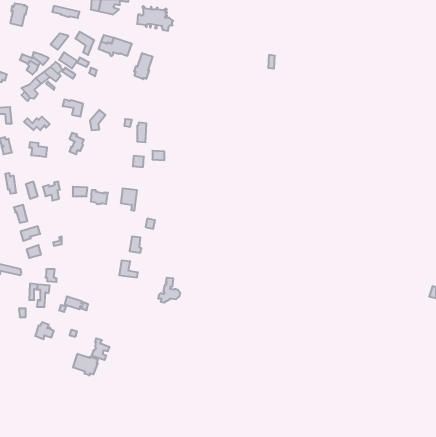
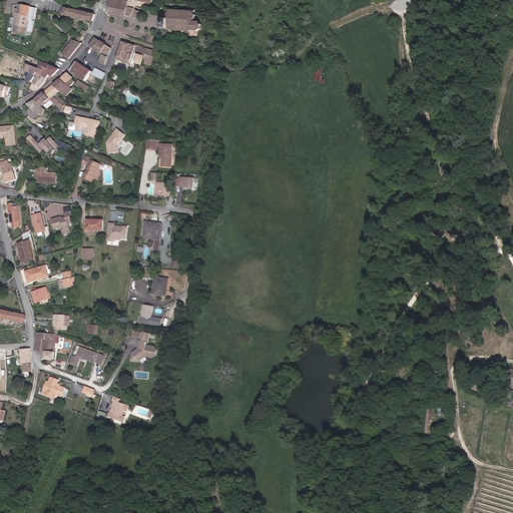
building: [134,53,153,79] -> none
building: [158,278,180,303] -> [130,332,156,361]
building: [73,354,98,376] -> none

